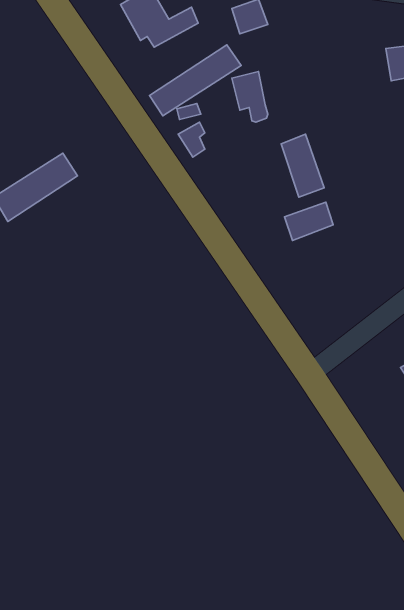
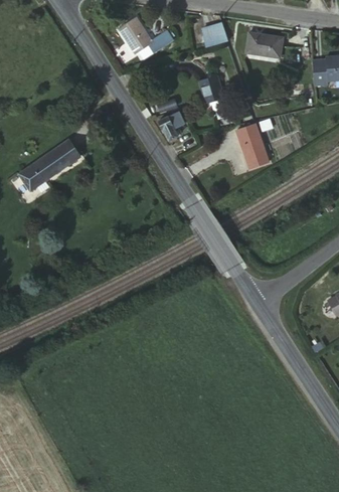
building: none -> [245,33,284,57]
building: [150,45,241,116] -> none
building: [285,202,333,240] -> none

